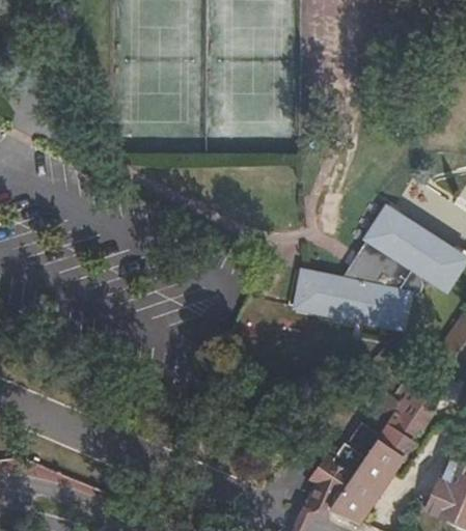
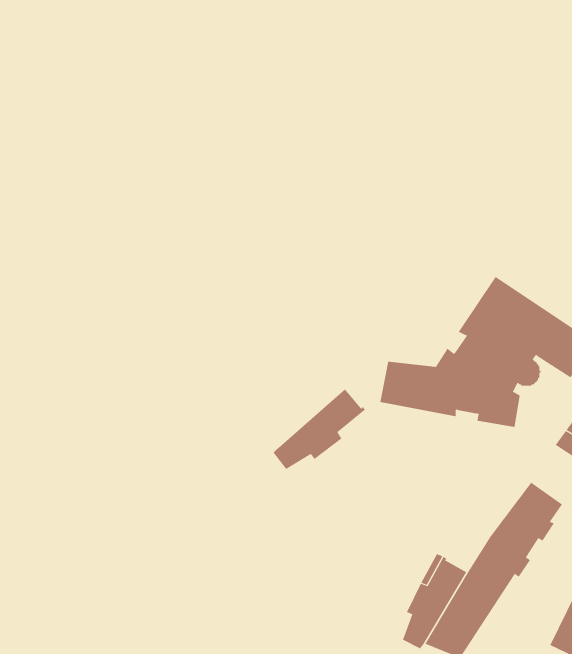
building: none -> [273,388,366,470]

